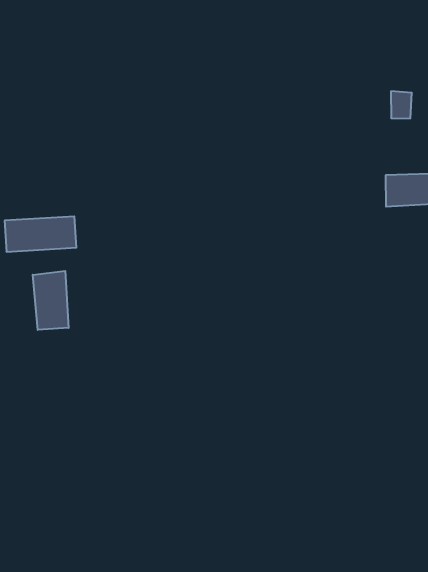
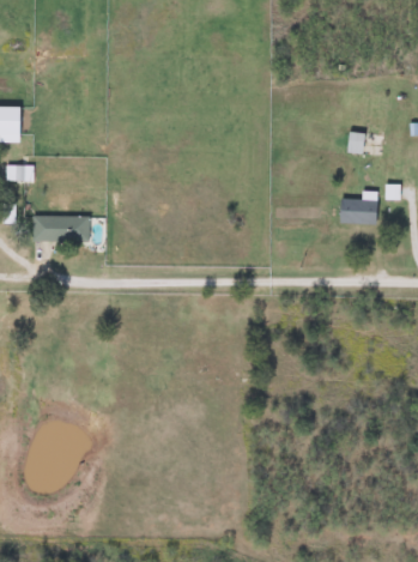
building: [33,271,69,330] -> none

